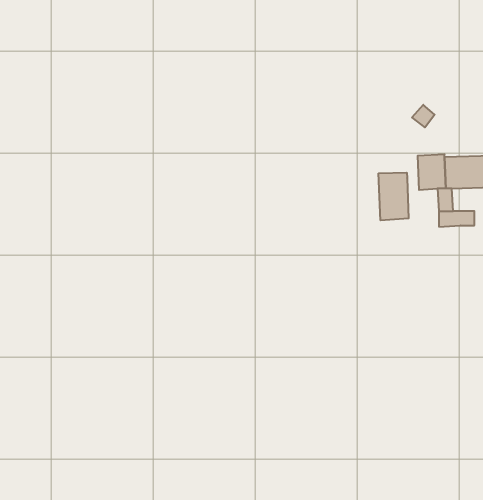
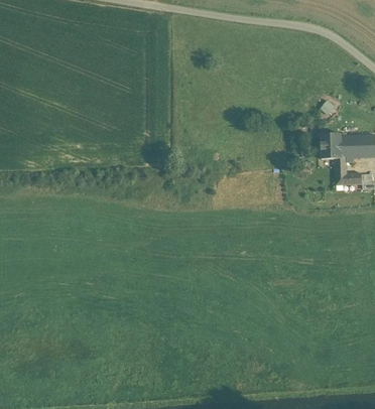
building: [379,173,409,220] -> none

